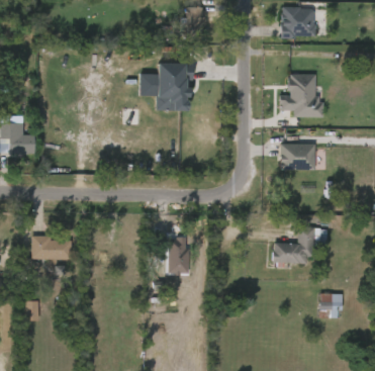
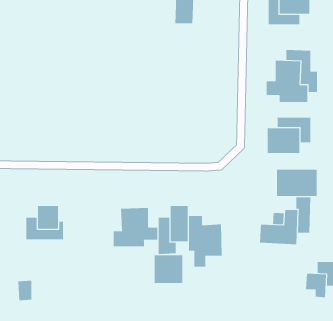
building: [154,65,189,113] -> none
building: [7,114,25,147] -> none
building: none -> [277,169,317,197]
building: none -> [113,207,158,247]
building: none -> [188,215,222,267]
building: none -> [154,255,183,284]

